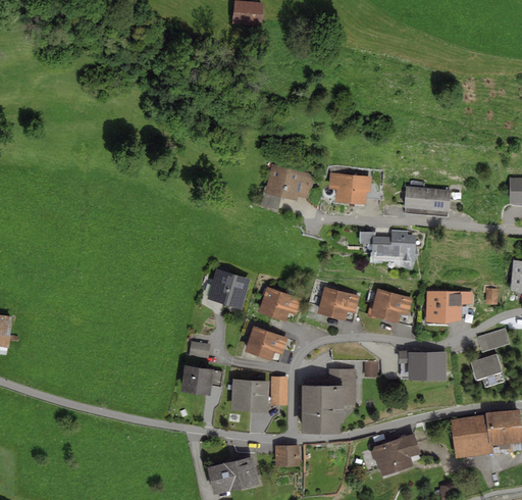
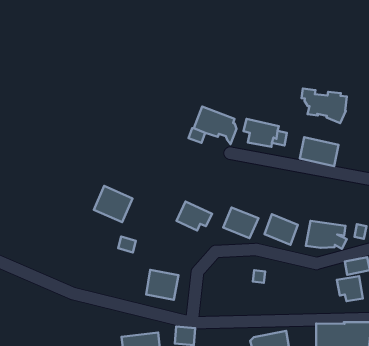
building: [359,232,417,269] -> [302,88,347,123]
building: [205,267,252,310] -> [94,186,132,222]
building: [245,327,288,363] -> none
building: [399,350,447,381] -> none
building: [180,365,223,396] -> none
building: [302,369,356,433] -> none
building: [270,377,288,405] -> none

